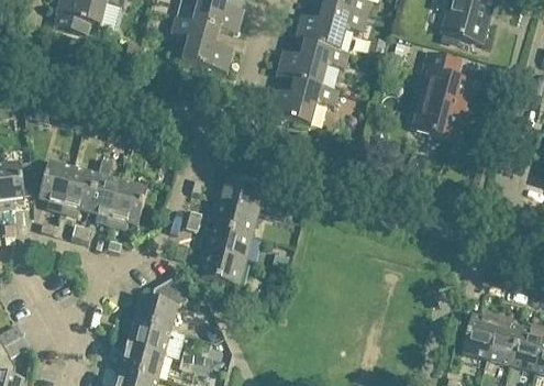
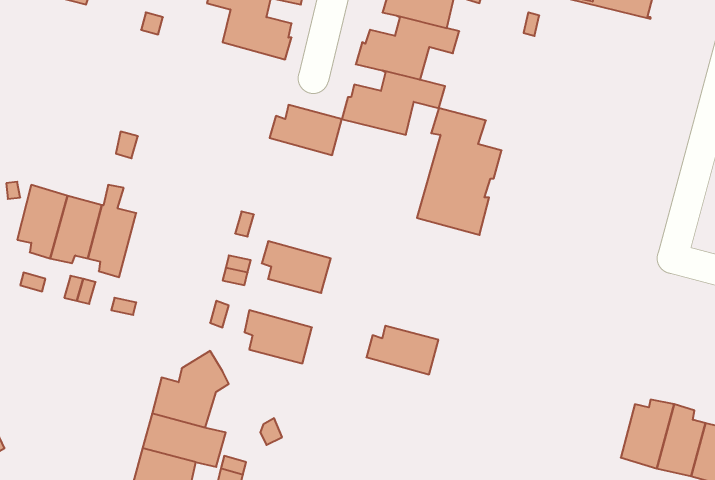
building: [412,52,471,141] -> [417,108,502,235]
building: [213,176,264,211] -> [270,105,342,155]
building: [109,179,146,228] -> none
building: [200,225,251,260] -> [366,326,438,374]

